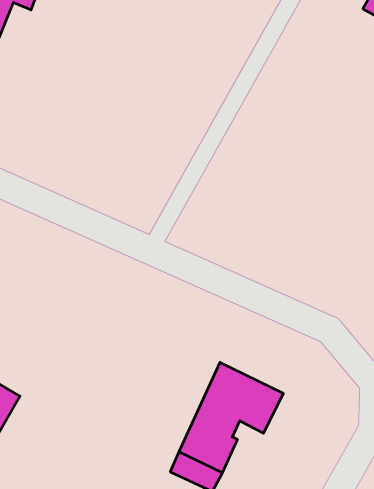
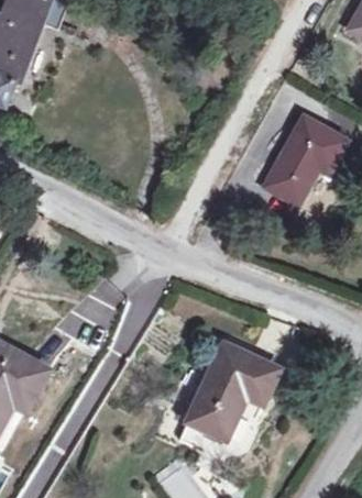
building: none -> [266,115,345,201]

